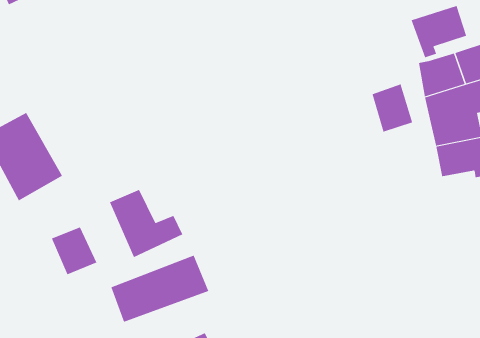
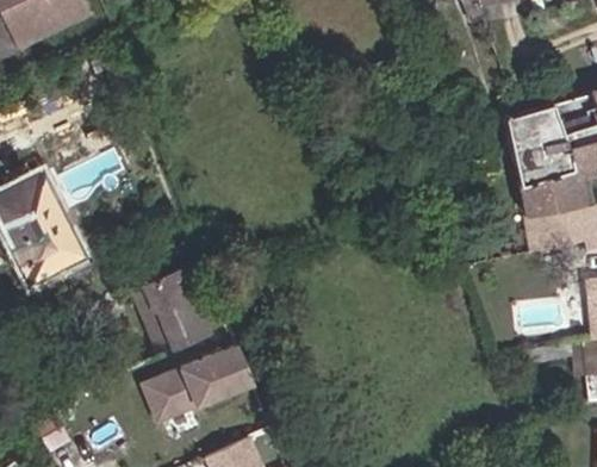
building: [411,5,467,58] -> none
building: [372,83,413,132] -> none
building: [51,227,97,275] -> none

